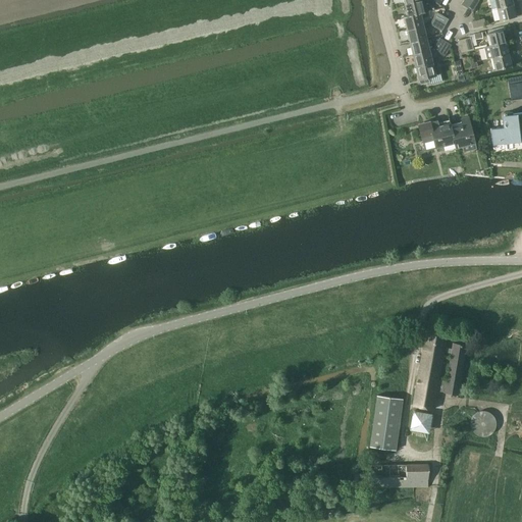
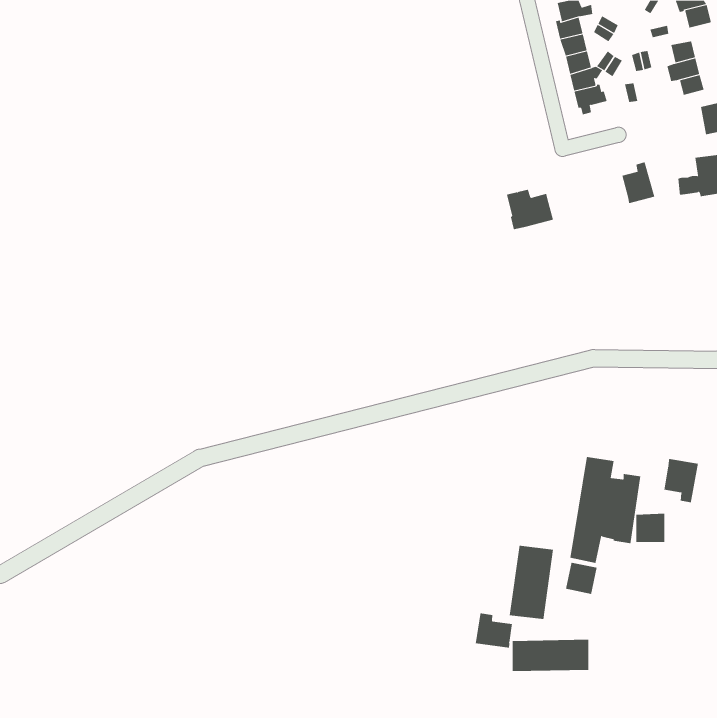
building: [421,120,456,150] -> [506,189,554,230]
building: none -> [664,458,698,503]
building: [475,410,497,431] -> [636,513,665,543]
building: none -> [475,612,512,649]

